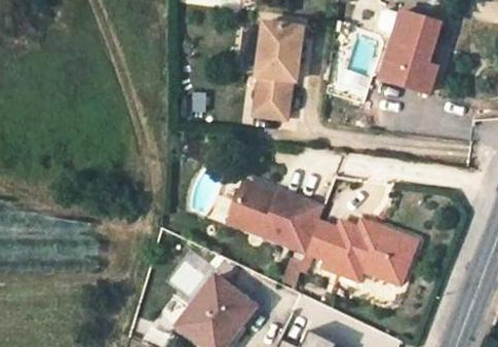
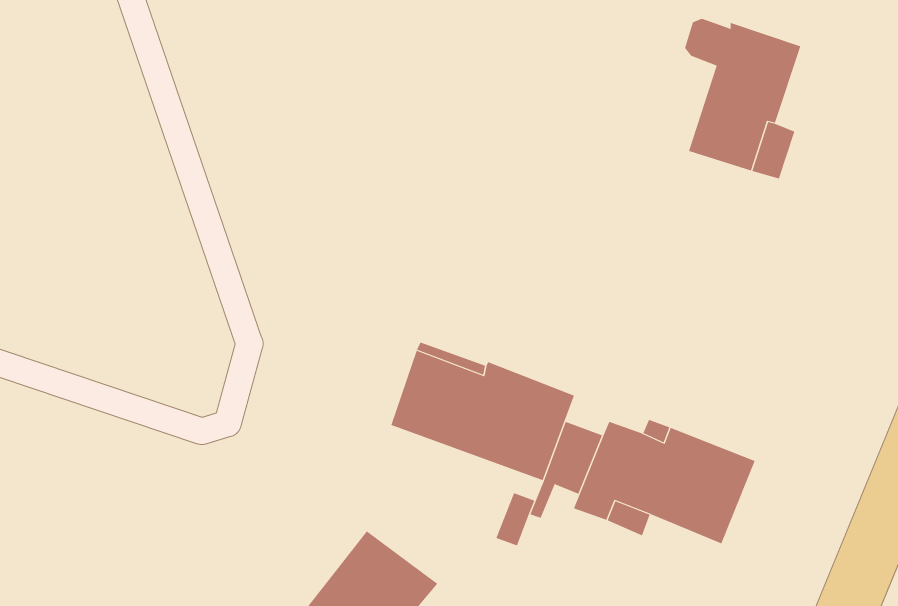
building: [255,23,302,119] -> none

